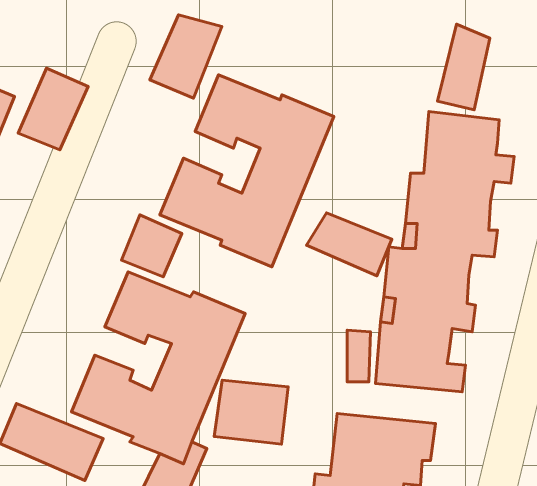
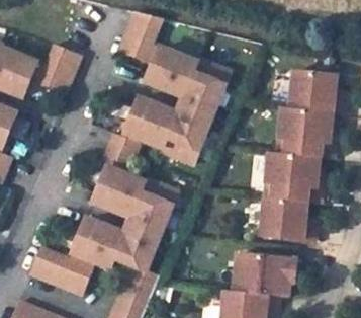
building: [437,24,490,110] -> none
building: [307,213,392,276] -> none
building: [214,380,288,444] -> none

